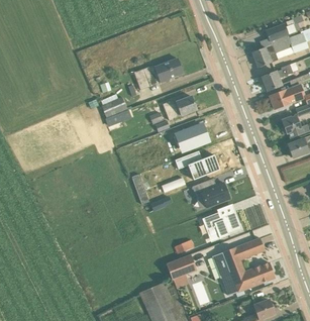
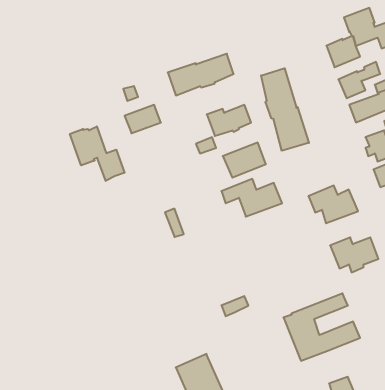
building: none -> [261,68,309,151]
building: none -> [70,126,125,181]
building: [193,179,230,207] -> [308,186,358,223]
building: [203,212,239,238] -> [330,237,378,272]
building: [167,255,196,279] -> none

